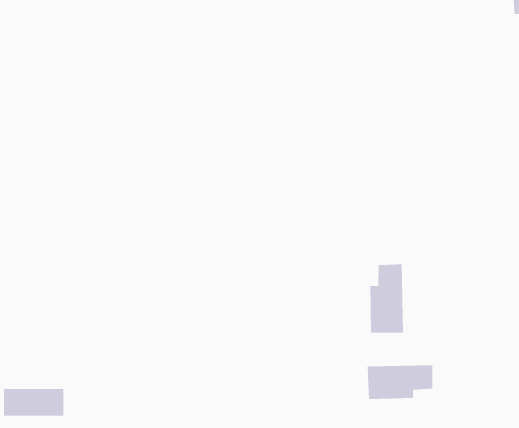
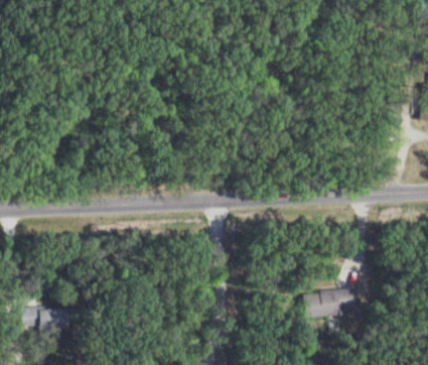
building: [370,263,404,334] -> none

